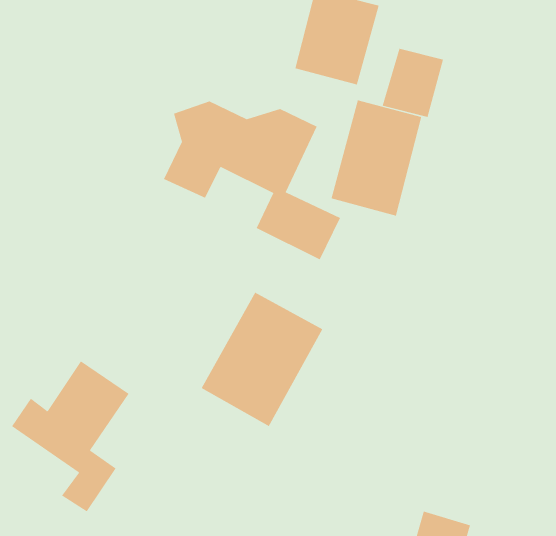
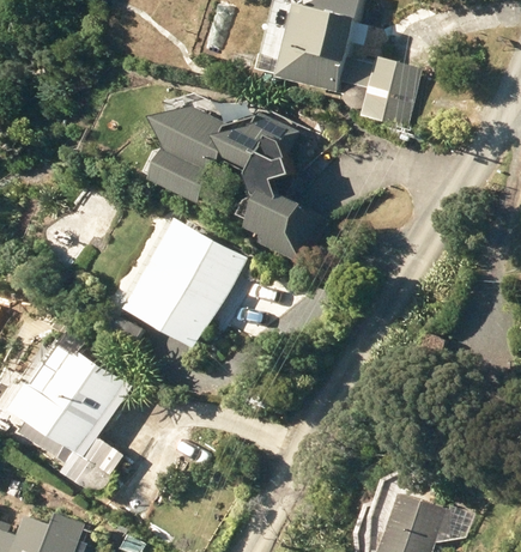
building: [331,100,422,216] -> none
building: [201,292,323,427] -> [131,222,244,347]

